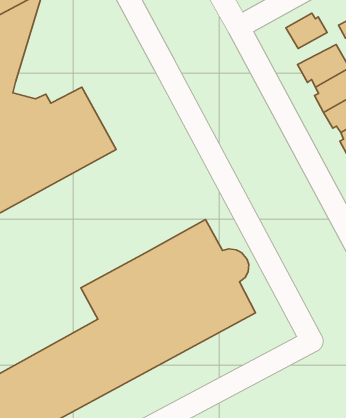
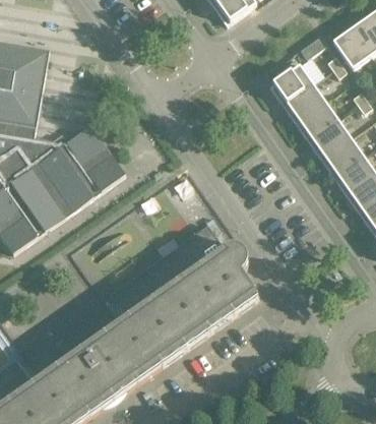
building: [286,13,327,49] -> none

